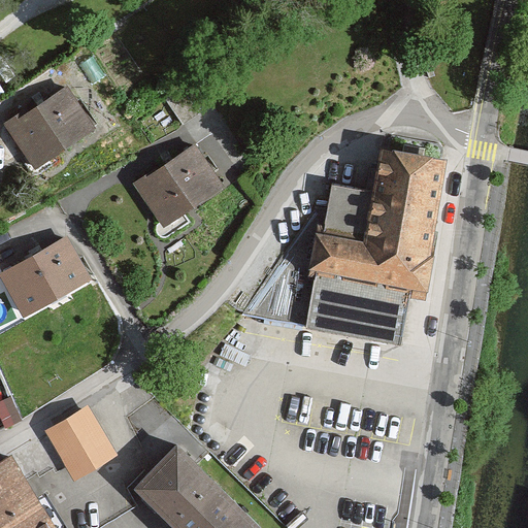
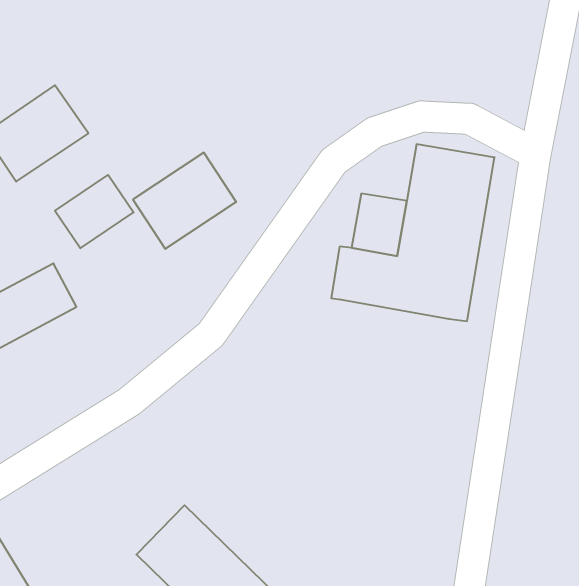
building: none -> [55,175,134,248]
building: [304,272,406,339] -> none
building: [46,409,117,482] -> none

